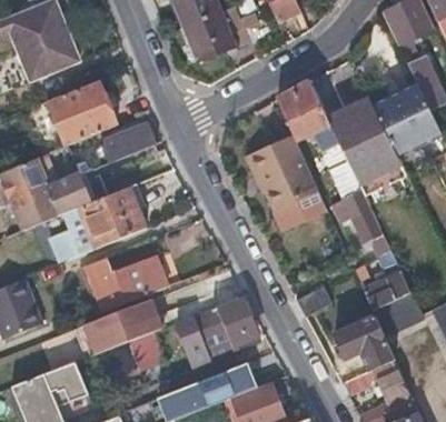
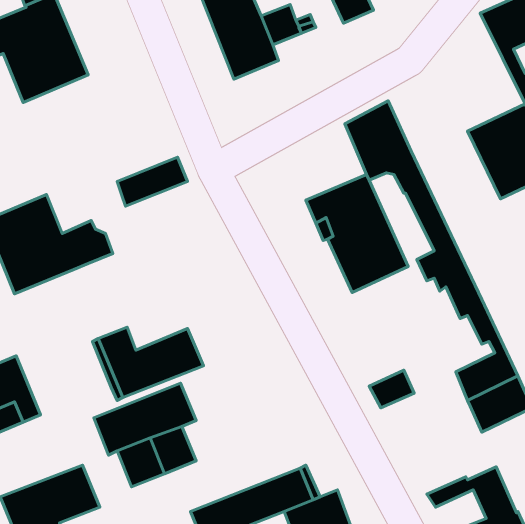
building: [47,79,117,145] -> none
building: [328,98,400,182] -> none
building: [63,185,145,257] -> none
building: [175,295,258,364] -> none
building: [334,315,394,370] -> none

